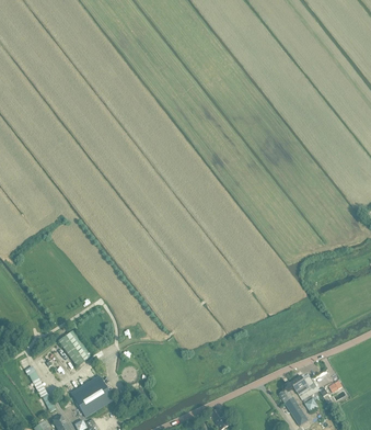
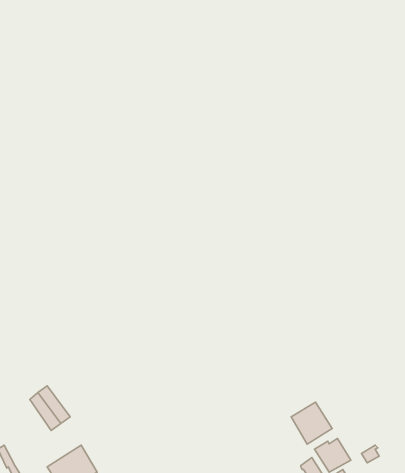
building: none -> [291,402,332,444]

